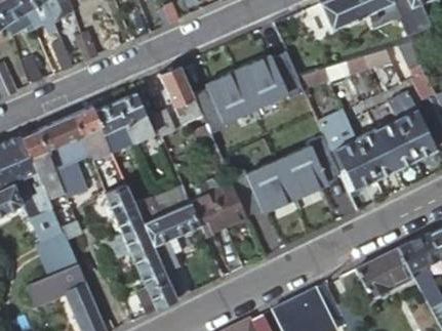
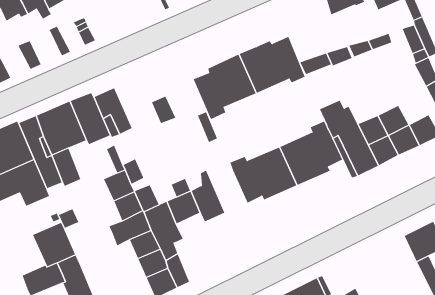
building: [159,66,202,125] -> none
building: [386,92,425,138] -> none
building: [116,93,154,141] -> none
building: [206,180,246,224] -> none
building: [356,247,415,300] -> none

